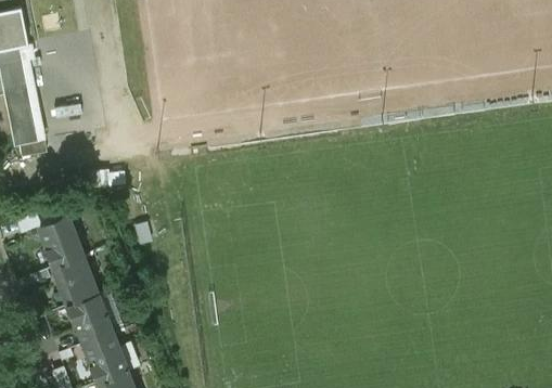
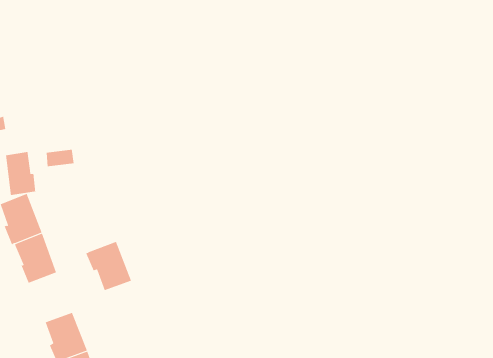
building: none -> [5,151,36,196]
building: [66,294,112,342] -> [85,241,132,291]

